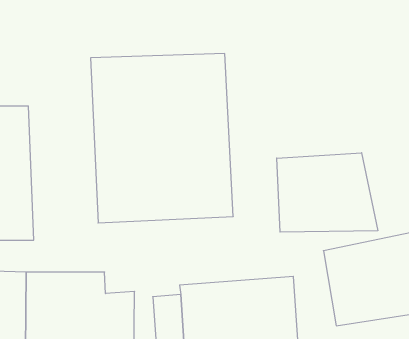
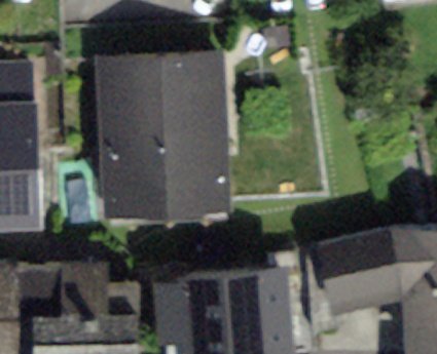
building: [277,153,378,232] -> none

